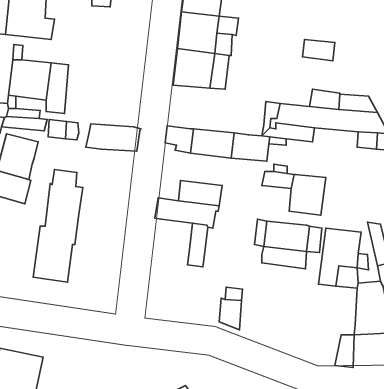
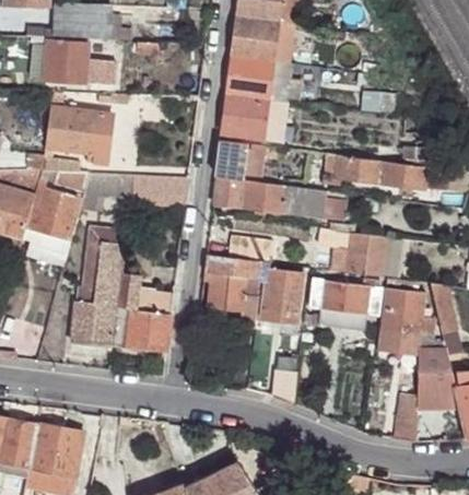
building: none -> [216,143,266,184]
building: none -> [262,272,304,327]
building: none -> [113,275,174,354]
building: none -> [207,281,244,314]

